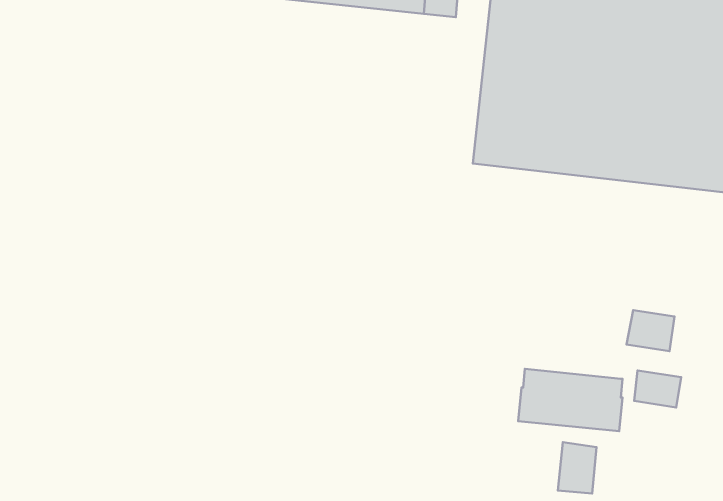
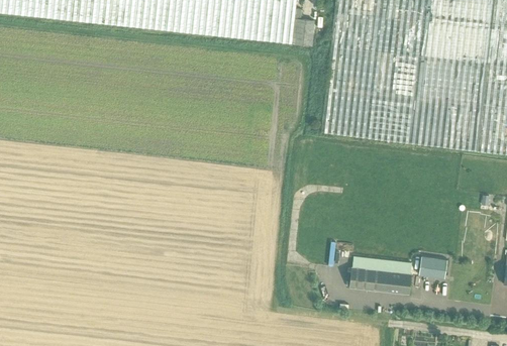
building: [627,310,675,351] -> none
building: [558,442,597,494] -> none

